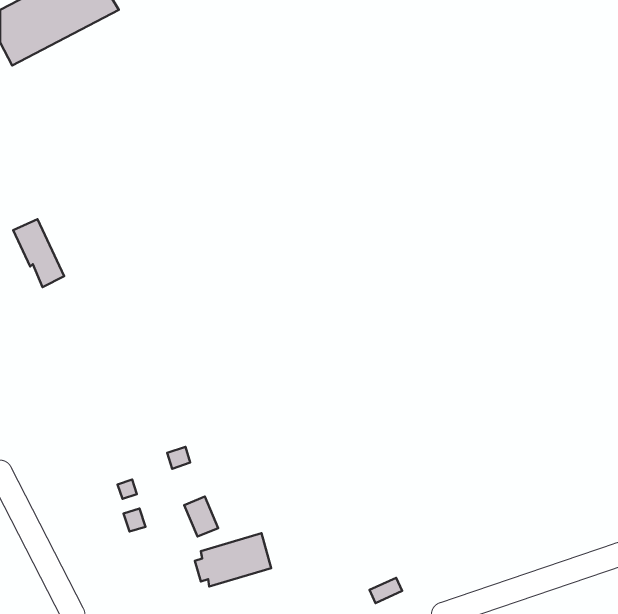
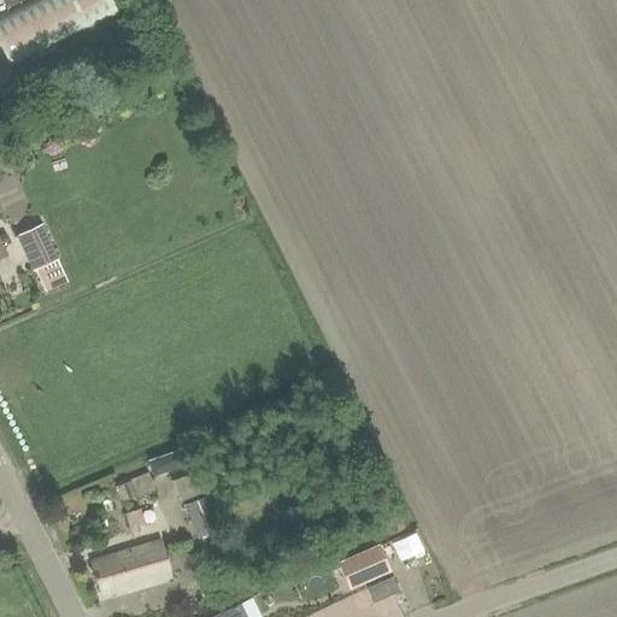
building: [195,533,271,586] -> [95,539,171,592]
building: none -> [337,543,389,587]

